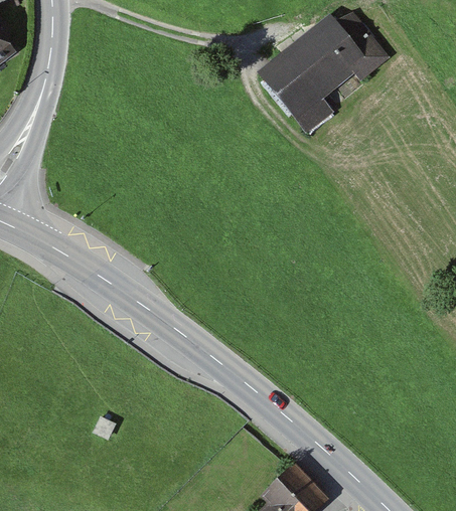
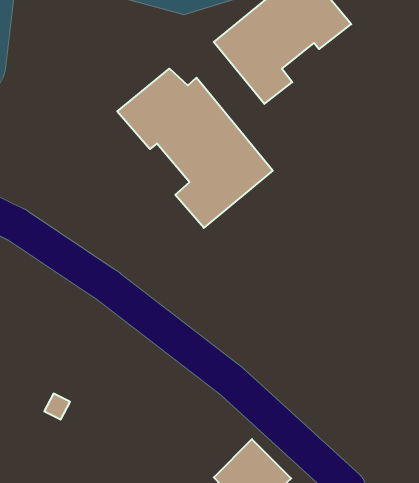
building: none -> [117,69,273,228]

